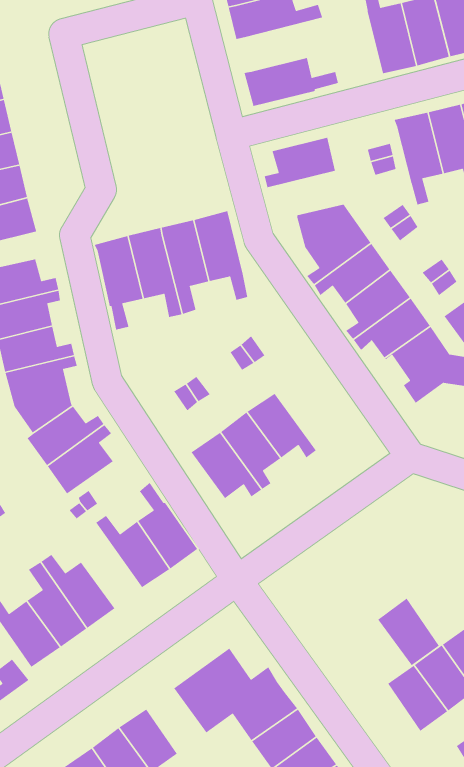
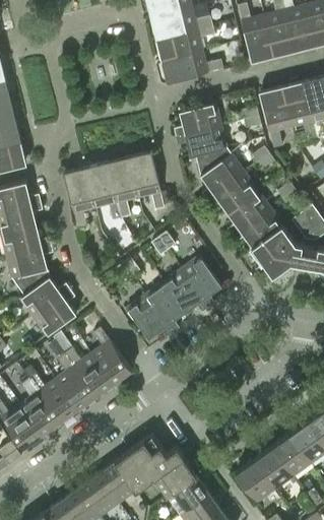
building: none -> [155,26,214,62]
building: none -> [176,126,225,157]
building: none -> [181,256,221,308]
building: none -> [55,354,94,410]
building: [377,597,440,666] -> [235,459,275,504]
building: none -> [98,462,136,505]

